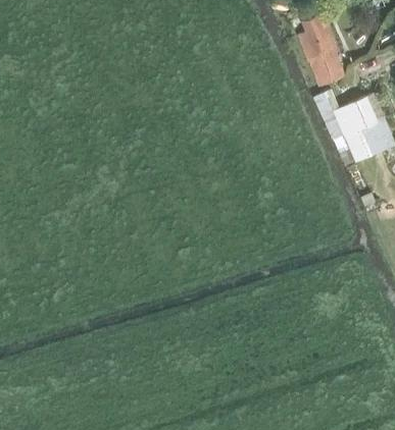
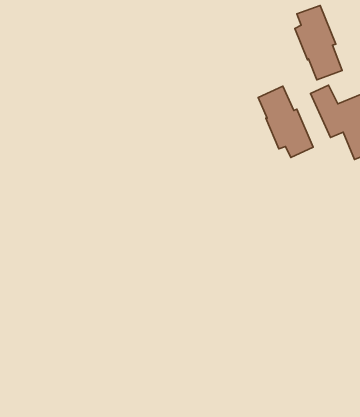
building: none -> [258,86,313,158]

